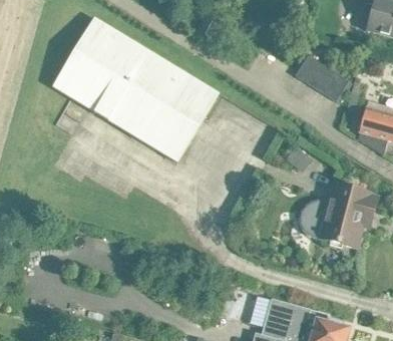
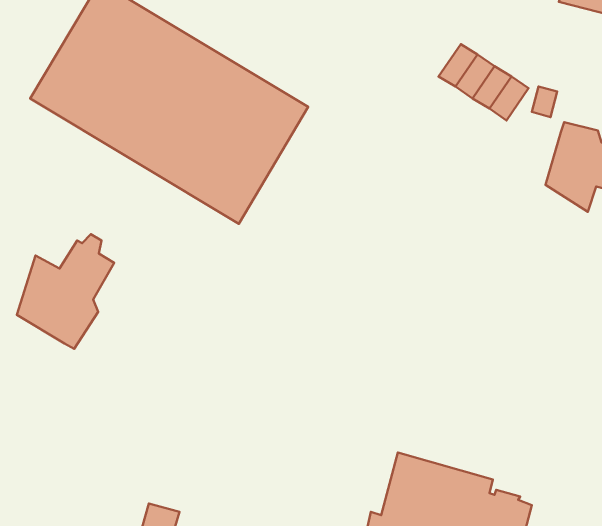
building: none -> [17,234,114,349]
building: [300,184,377,247] -> none

